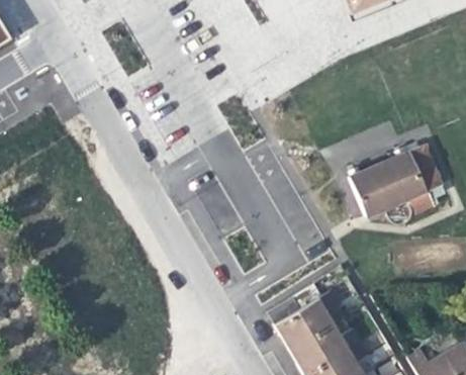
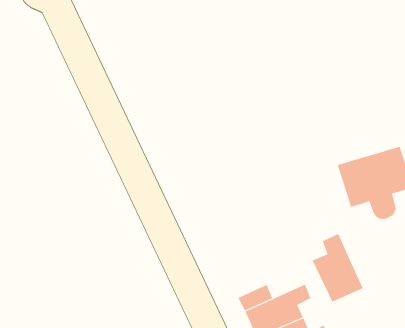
building: none -> [312,233,363,303]

